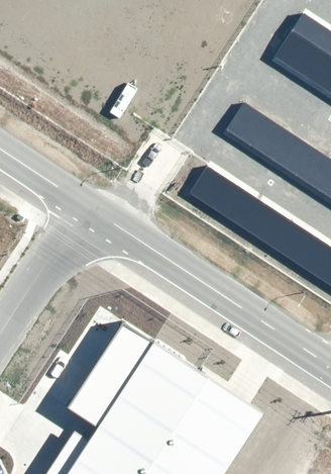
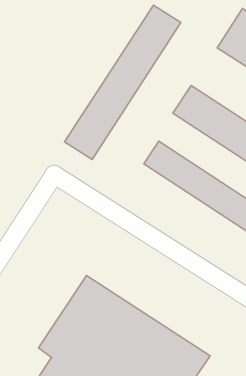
building: none -> [65,5,181,159]

